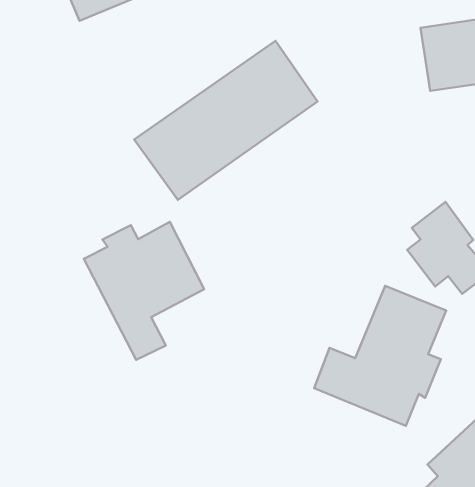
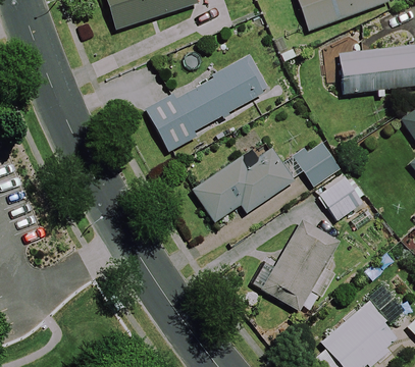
building: none -> [193,135,342,220]
building: [84,222,204,360] -> none

